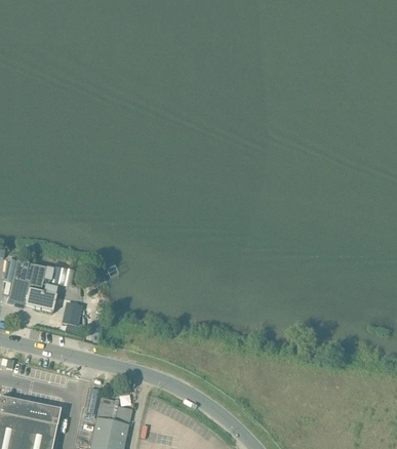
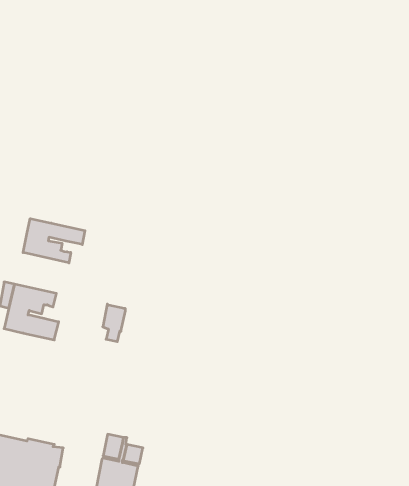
building: none -> [23,219,85,263]
building: [62,300,82,334] -> [103,304,125,342]

